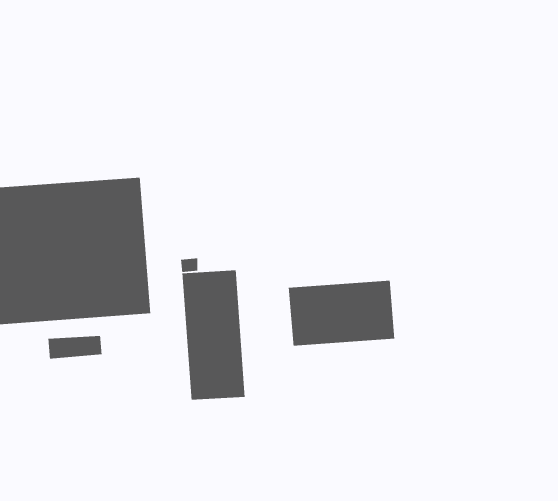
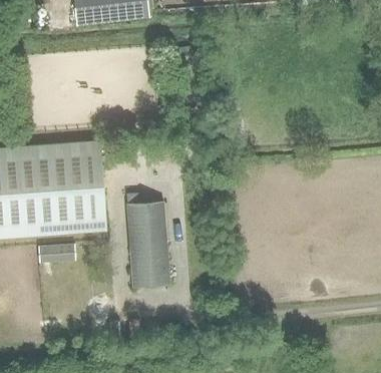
building: [288,280,395,346] -> none

